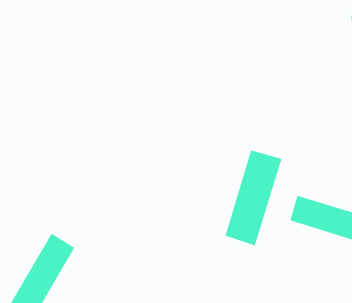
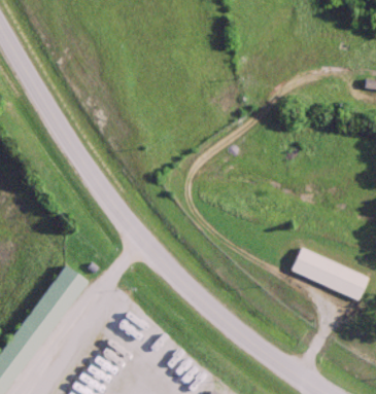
building: [225,150,282,246] -> none

